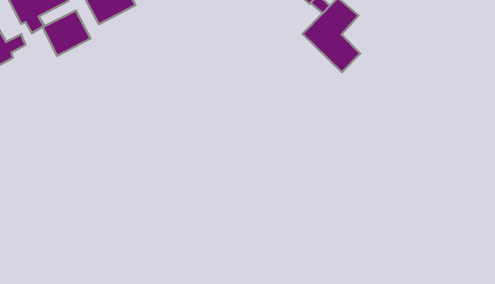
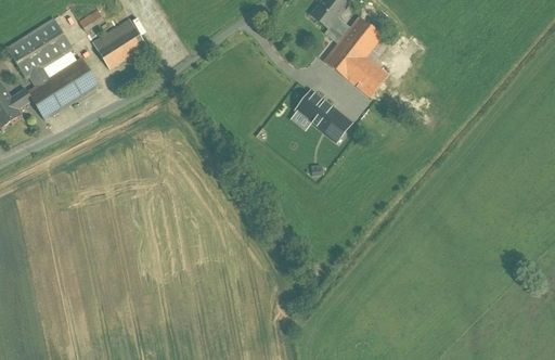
building: none -> [27,78,66,120]
building: none -> [296,92,349,140]

